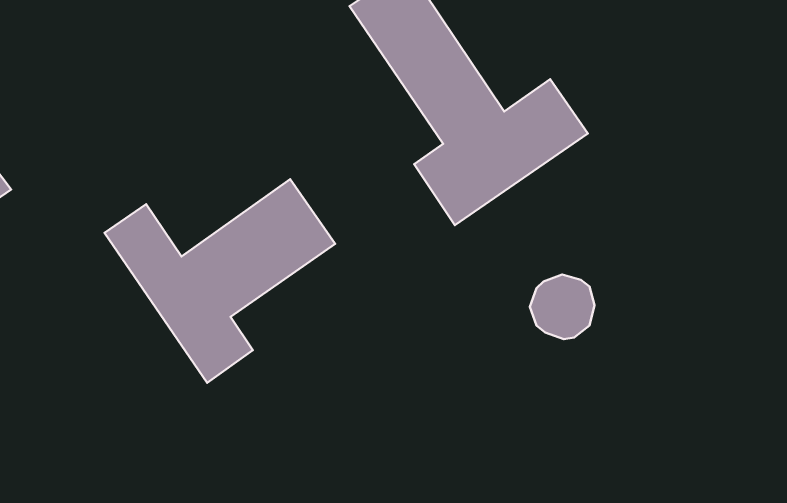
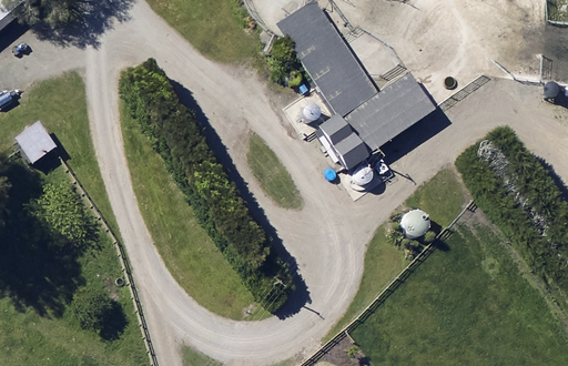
building: [104,179,335,383] -> none

